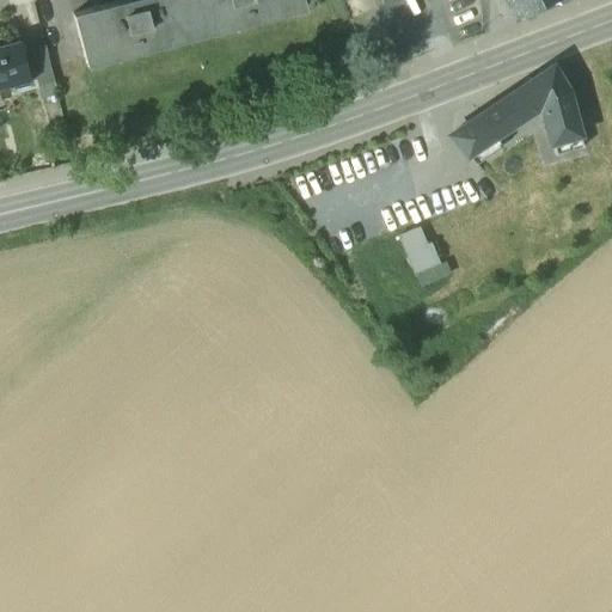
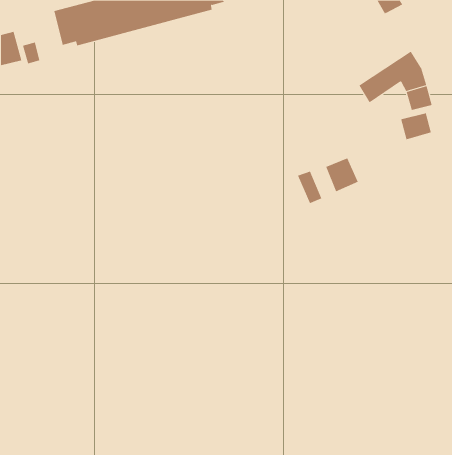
building: [454,115,500,158] -> none
building: none -> [401,112,431,140]
building: none -> [325,158,359,192]

